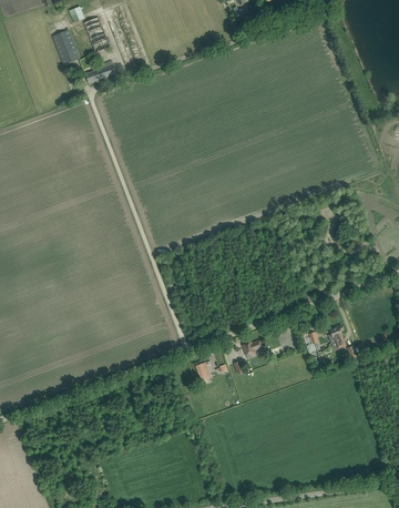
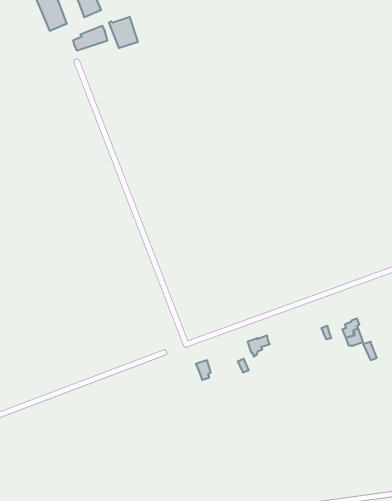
building: none -> [109,17,138,48]

